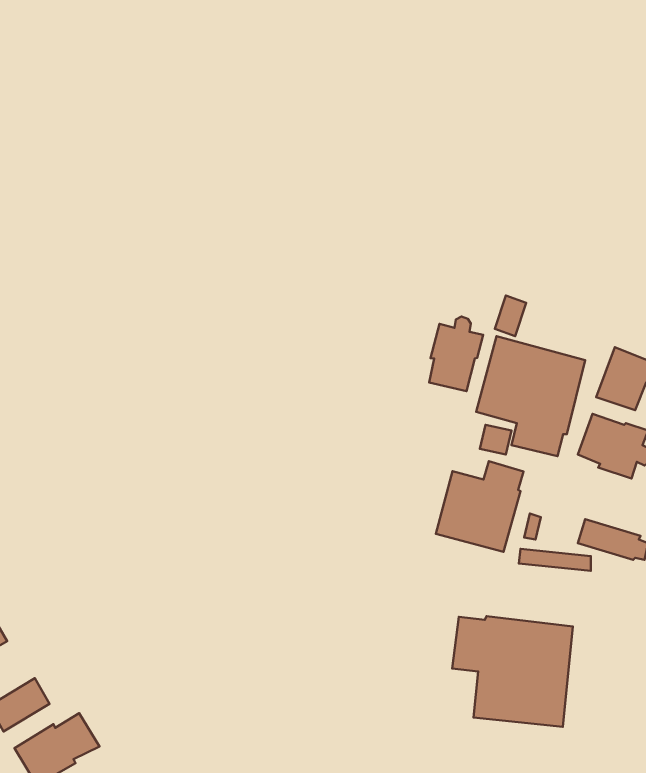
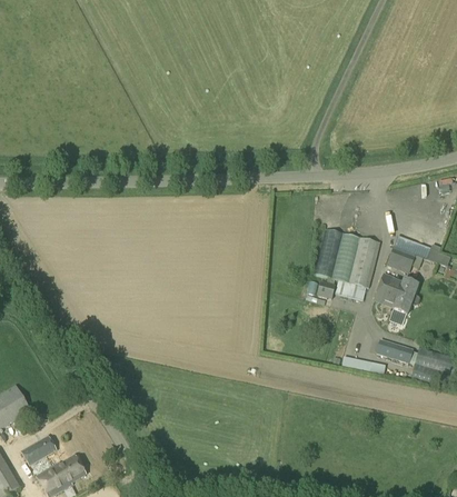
building: [429,317,483,391] -> none
building: [436,461,523,552] -> none
building: [452,616,573,727] -> none

